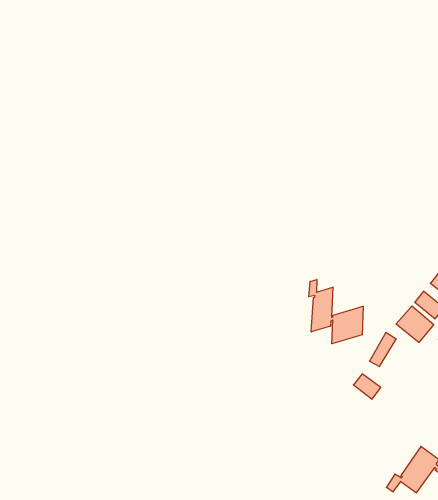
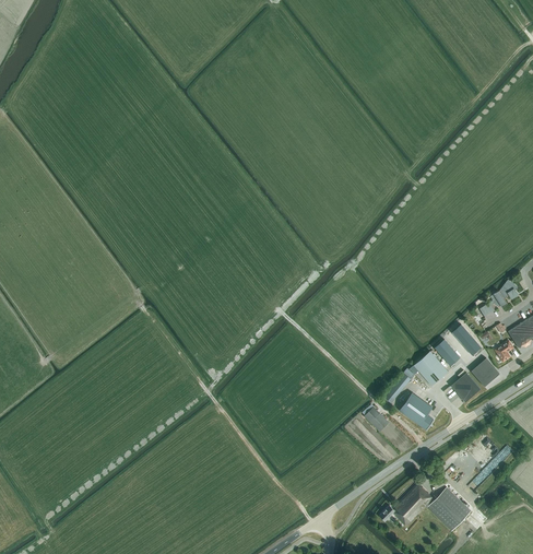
building: [309,279,363,344] -> none
building: none -> [399,392,433,429]

